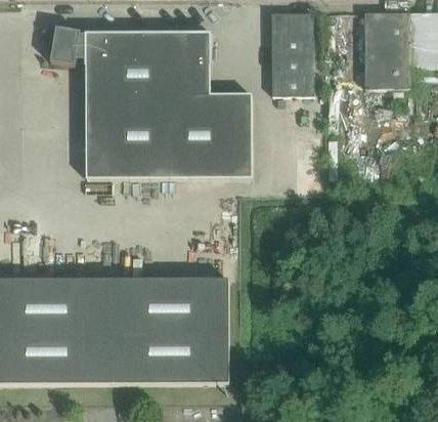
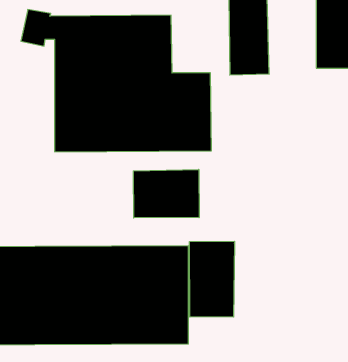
building: none -> [133,169,199,218]
building: none -> [190,241,234,317]

